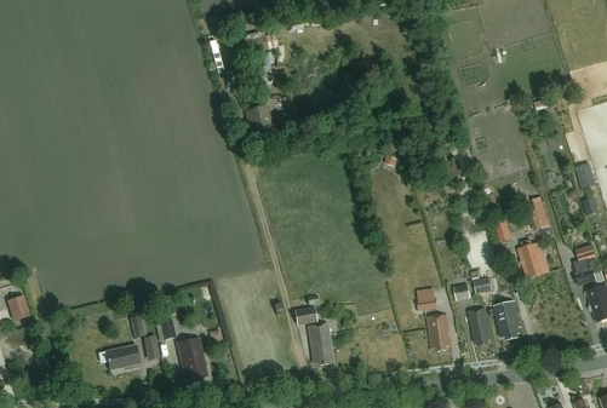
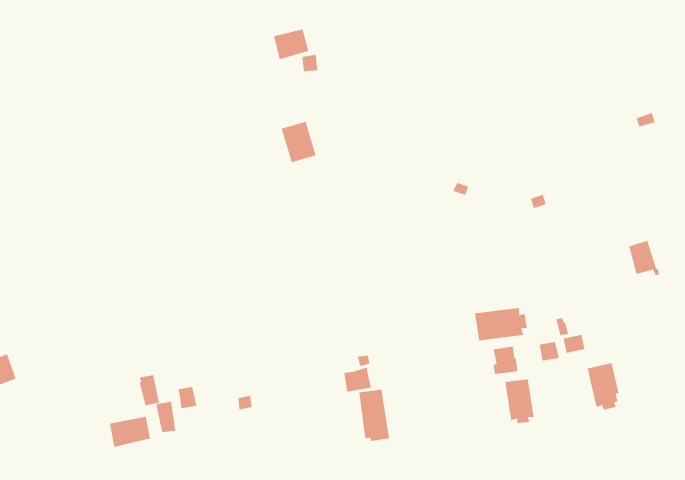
building: [517,242,549,278] -> none
building: none -> [474,307,527,341]
building: [468,309,491,346] -> none
building: [177,338,207,381] -> none

